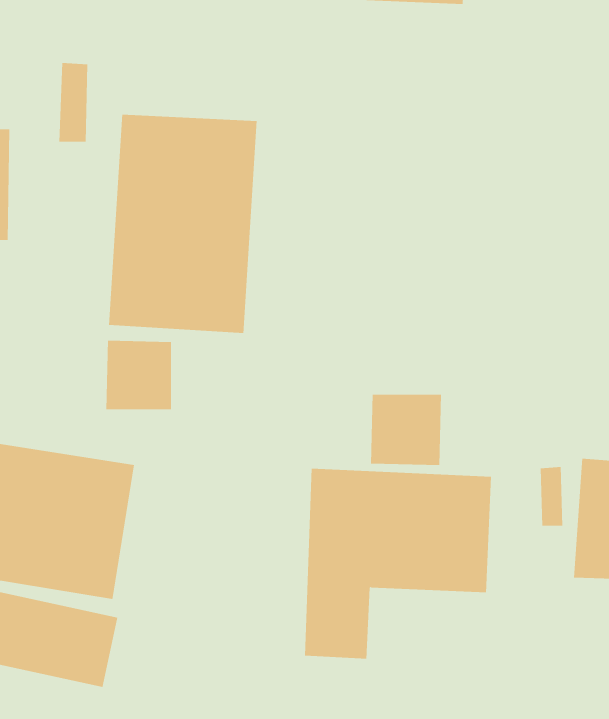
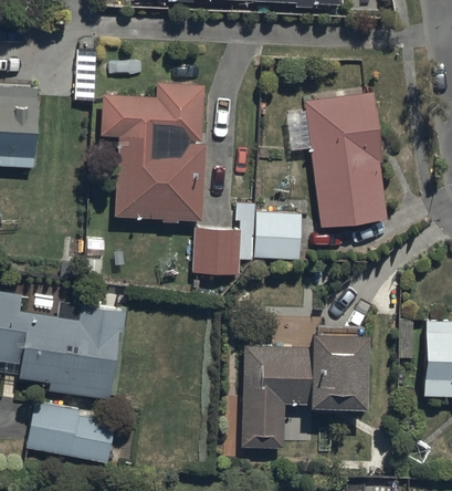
building: none -> [305,91,396,229]
building: [105,340,172,410] -> [197,230,241,276]
building: [370,394,442,465] -> [250,208,297,255]

